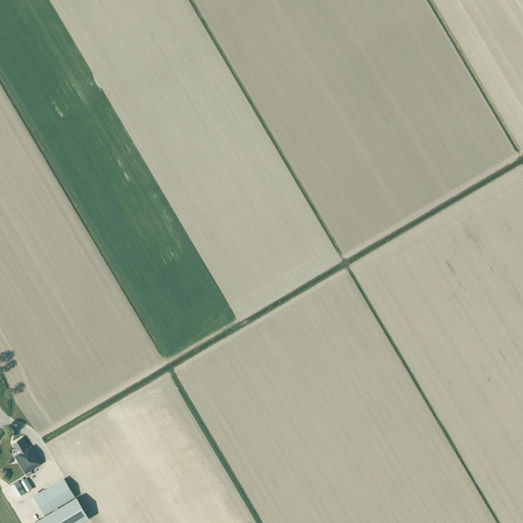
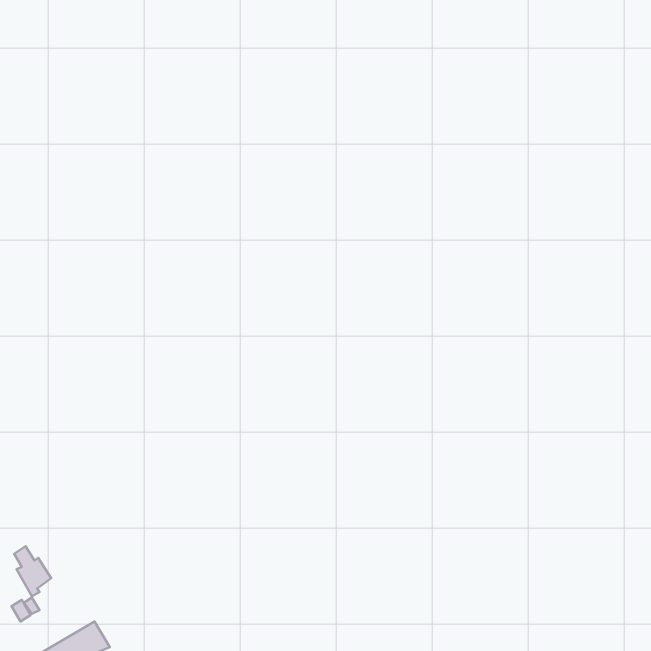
building: [33,479,75,517] -> none

